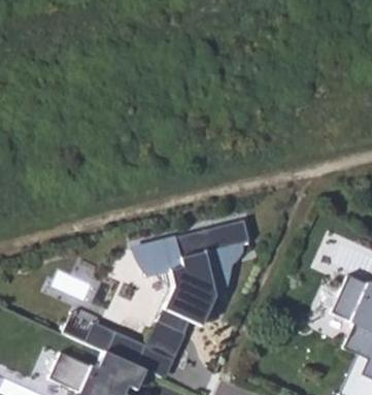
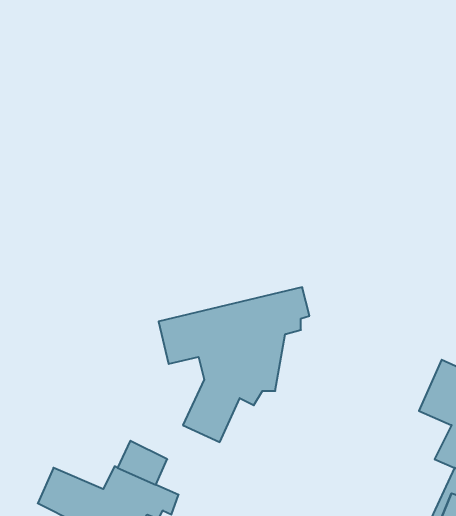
building: [64,314,120,353] -> none
building: [138,322,187,378] -> none

